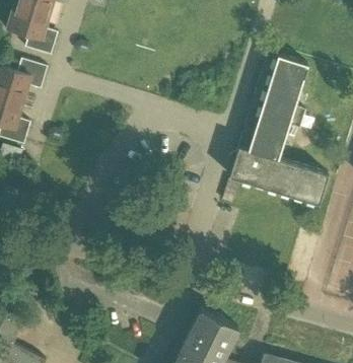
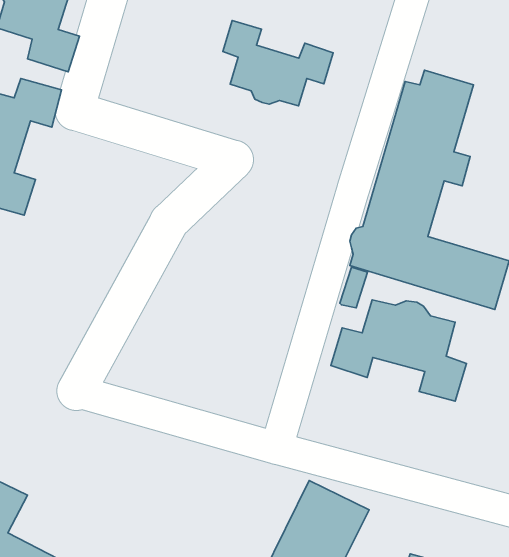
building: none -> [223,20,333,106]
building: none -> [331,300,467,401]

